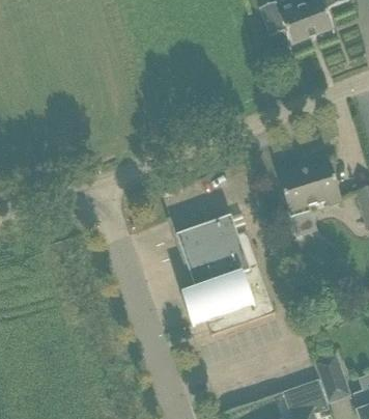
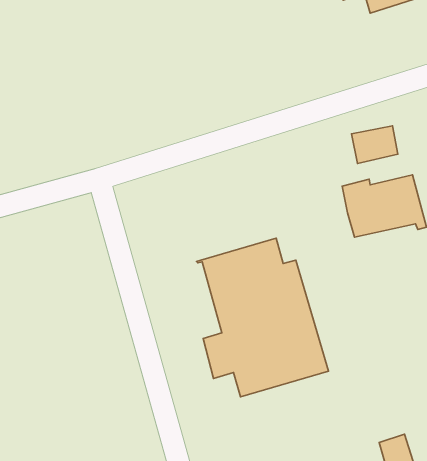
building: none -> [352,126,398,163]

